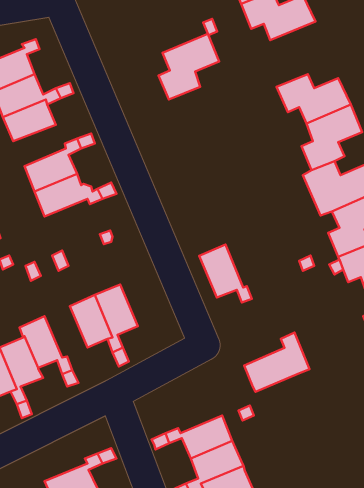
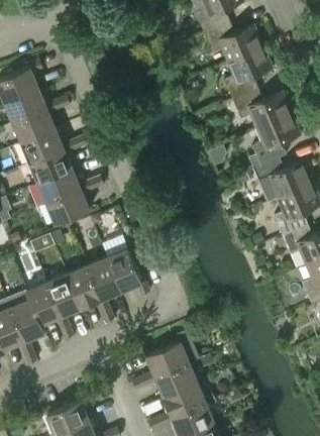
building: [159,34,219,99] -> [224,46,273,99]
building: none -> [21,129,64,162]
building: none -> [46,189,90,224]
building: [199,245,252,303] -> [107,248,149,295]
building: none -> [46,275,81,316]
building: [244,333,310,392] -> [146,329,199,376]

